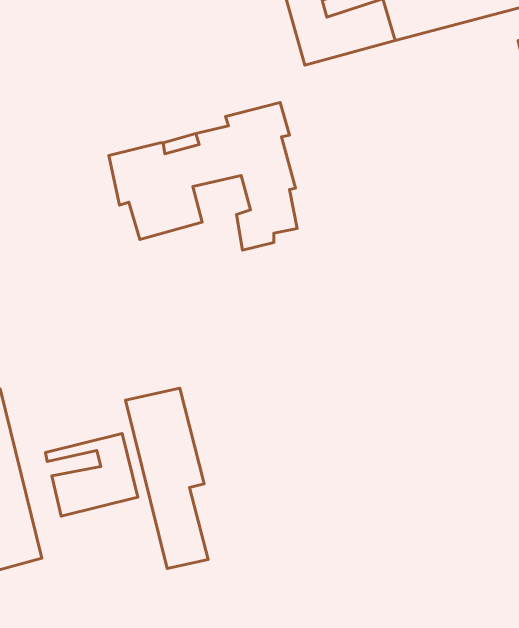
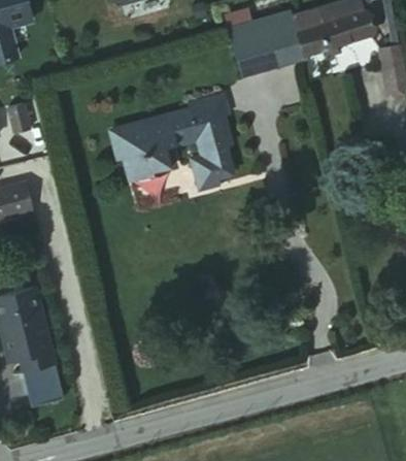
building: [126,388,208,568] -> none
building: [45,433,138,516] -> none

